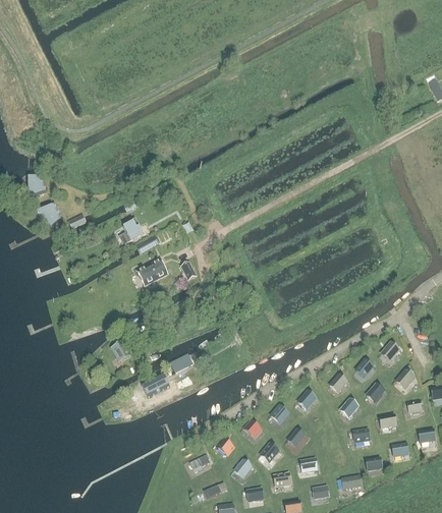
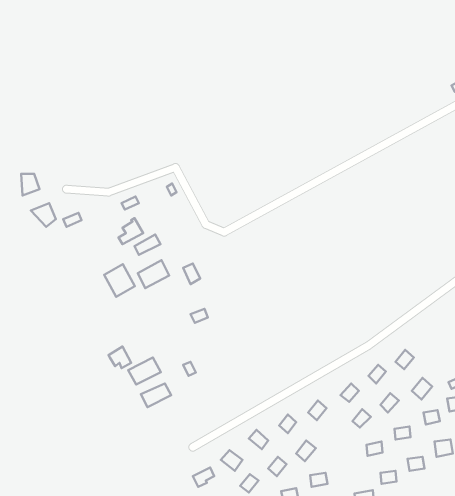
building: none -> [104,264,135,297]
building: none -> [128,358,161,385]

